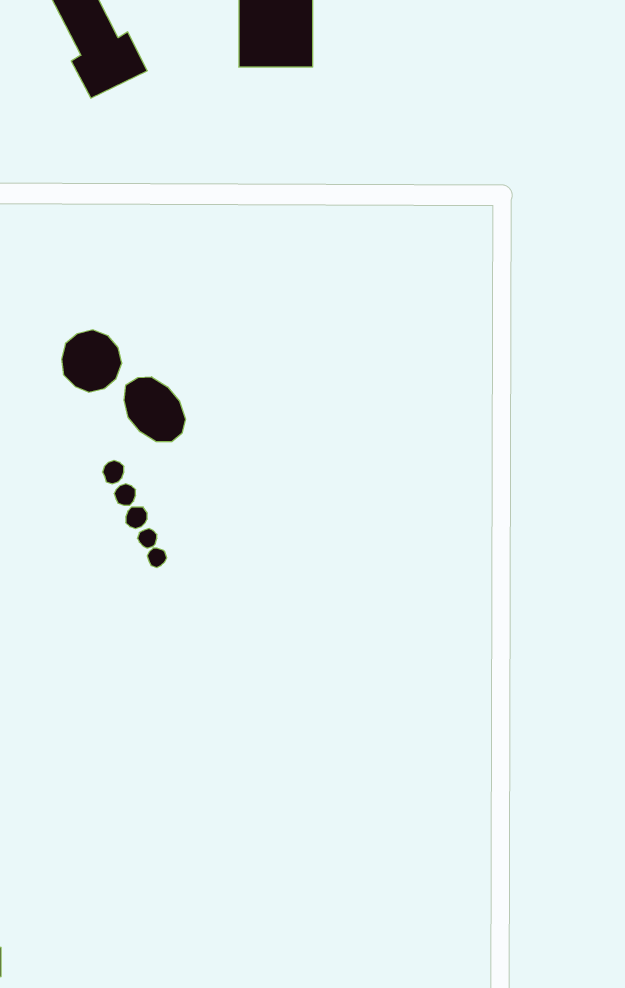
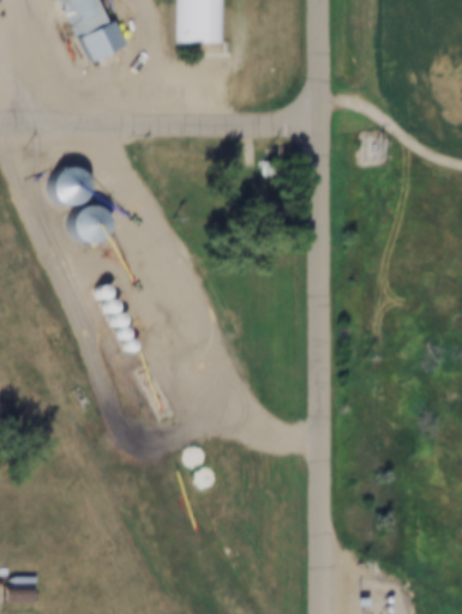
building: none -> [52,167,90,205]
building: [124,377,186,442] -> none

